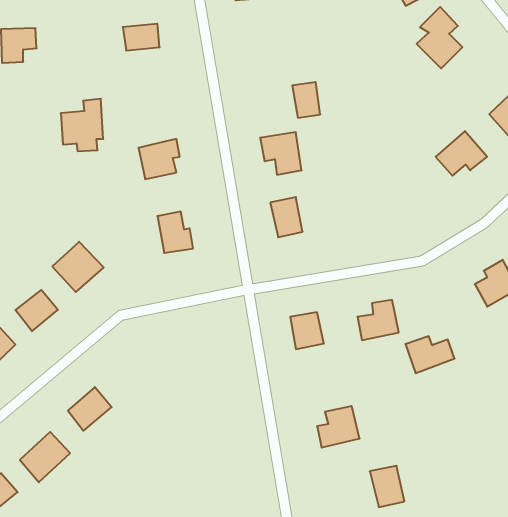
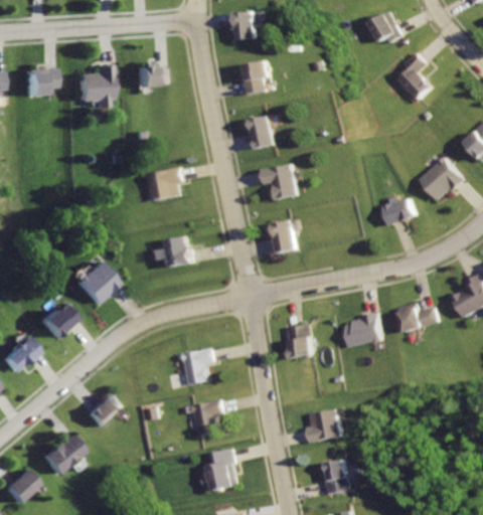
building: none -> [240,60,272,97]
building: [292,82,320,118] -> [248,116,273,148]
building: [61,99,103,151] -> [75,62,114,110]
building: none -> [373,196,412,229]
building: [405,336,455,373] -> [394,304,439,337]
building: none -> [179,347,216,388]
building: none -> [190,397,225,438]
building: none -> [199,448,235,492]
building: [370,466,404,507] -> [322,458,353,495]

